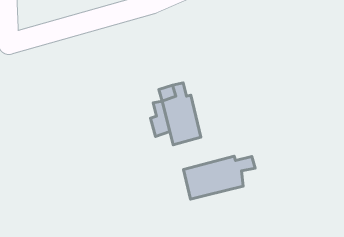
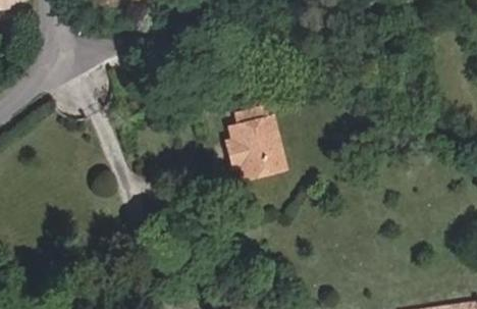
building: [184,156,255,199] -> none

